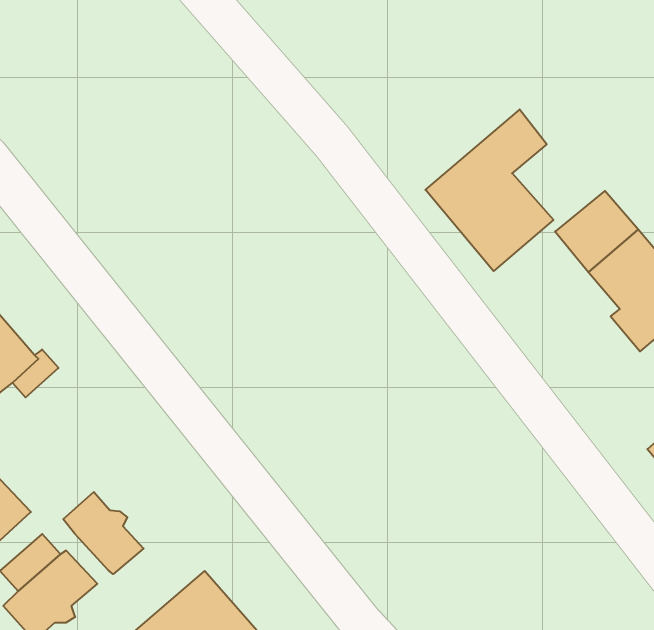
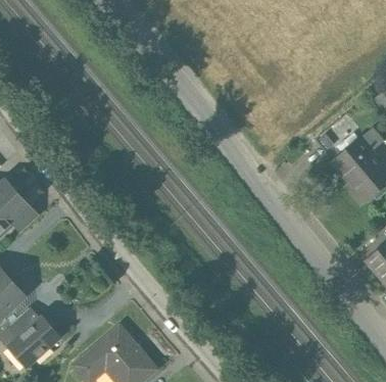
building: [425,109,553,271] -> none
building: [63,492,144,574] -> none

